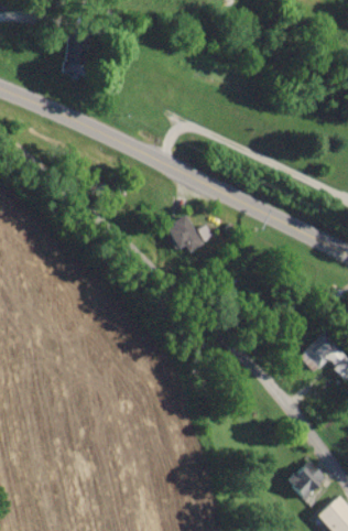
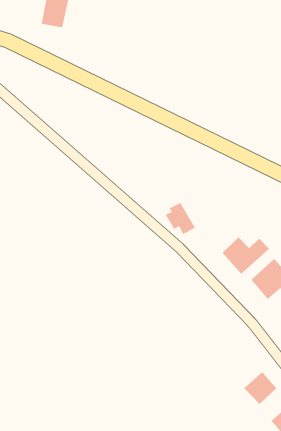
building: [170,215,204,251] -> [165,202,196,235]
building: none -> [222,236,270,275]

